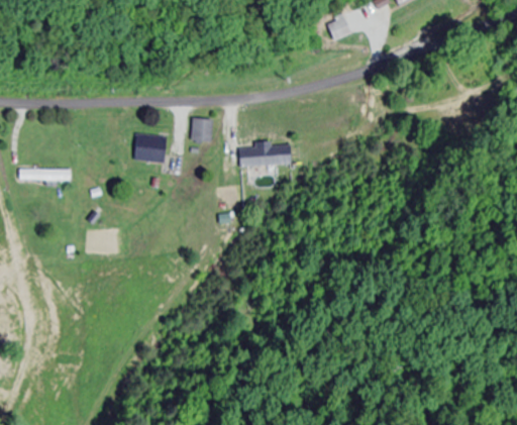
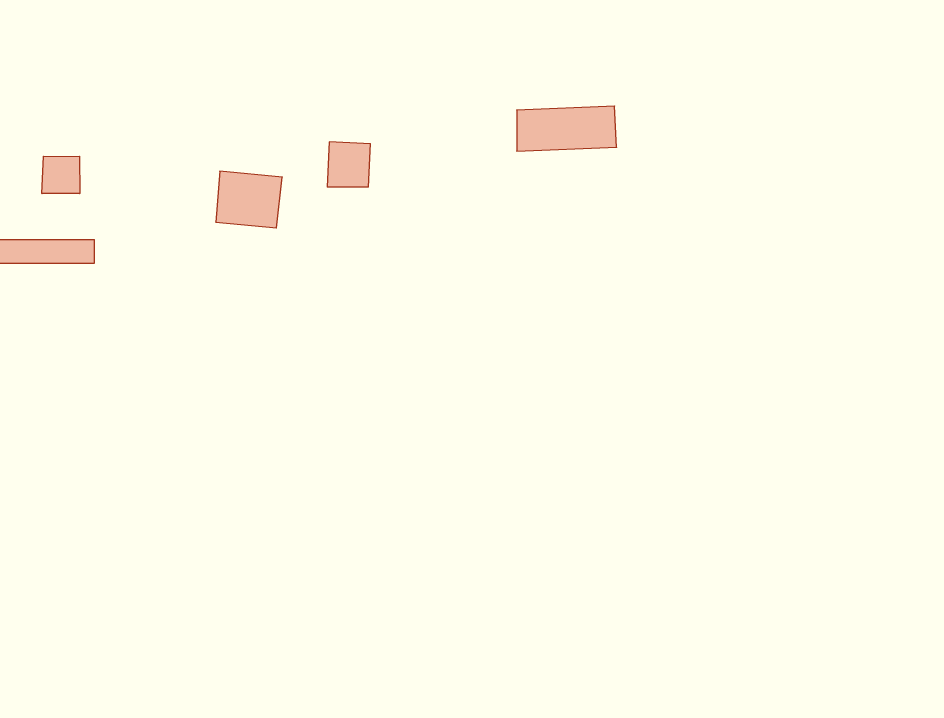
building: none -> [42,156,80,194]
building: [240,143,292,167] -> [517,106,617,151]

